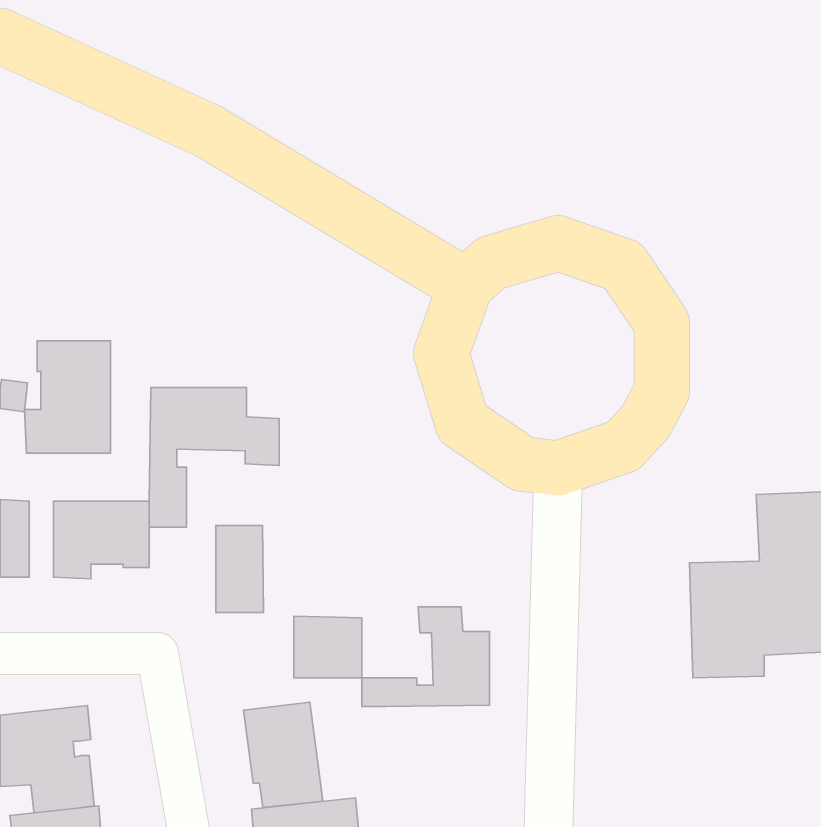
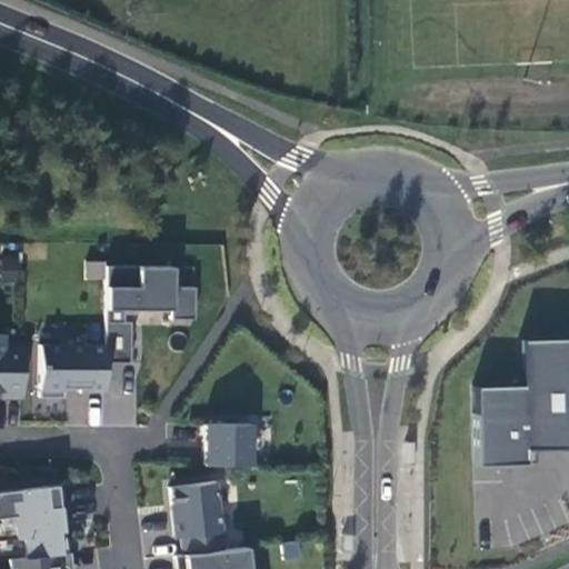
building: [25,341,111,453] -> none
building: [216,525,264,612] -> none
building: [362,607,490,707] -> none

